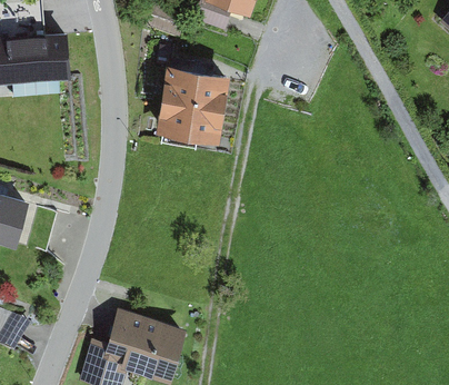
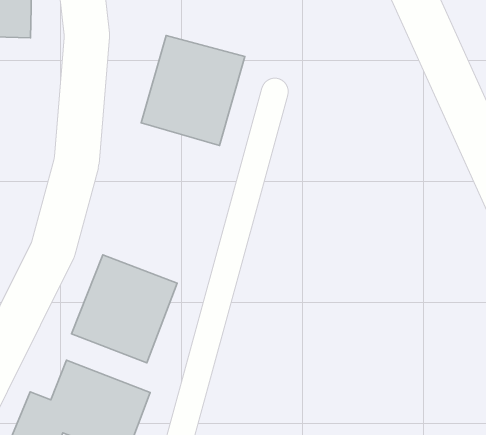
building: none -> [71,255,177,363]

